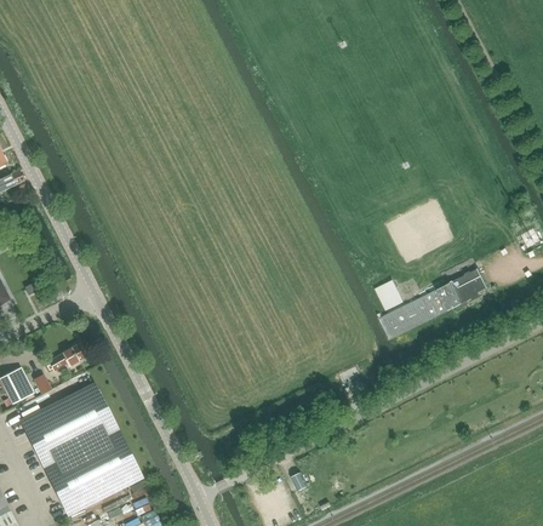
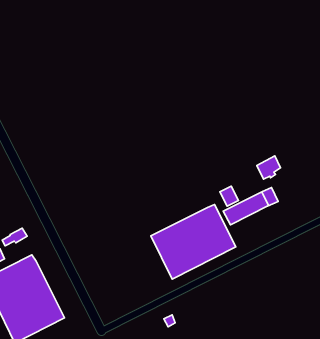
building: [452,268,487,303] -> [257,156,280,179]
building: none -> [151,205,236,279]

